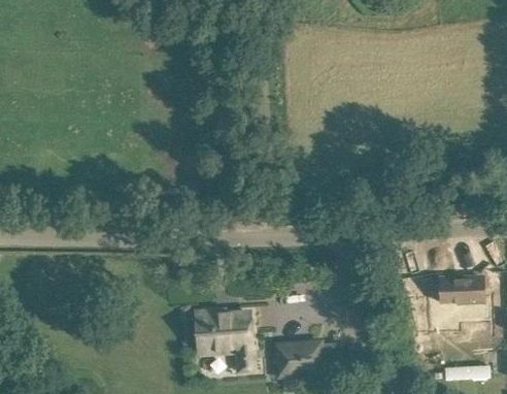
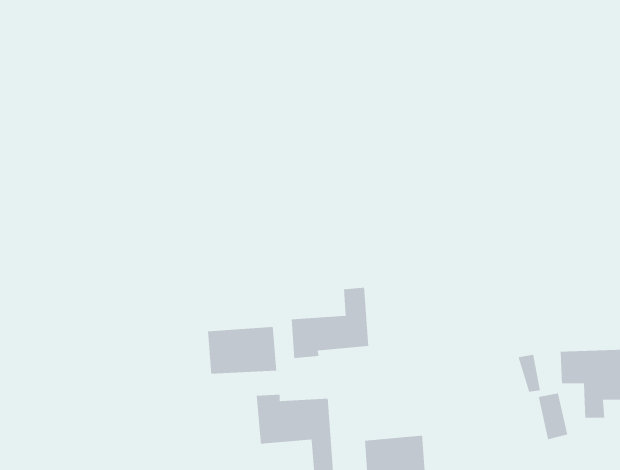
building: none -> [291,287,369,359]
building: none -> [207,326,277,375]

